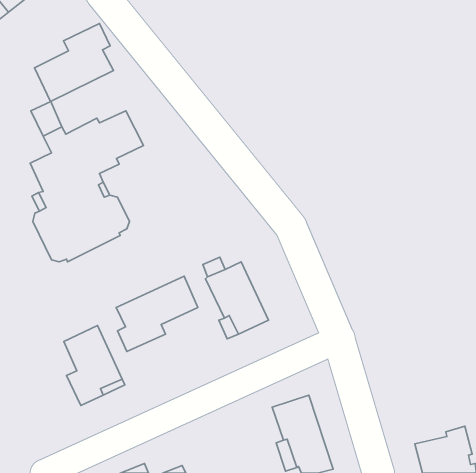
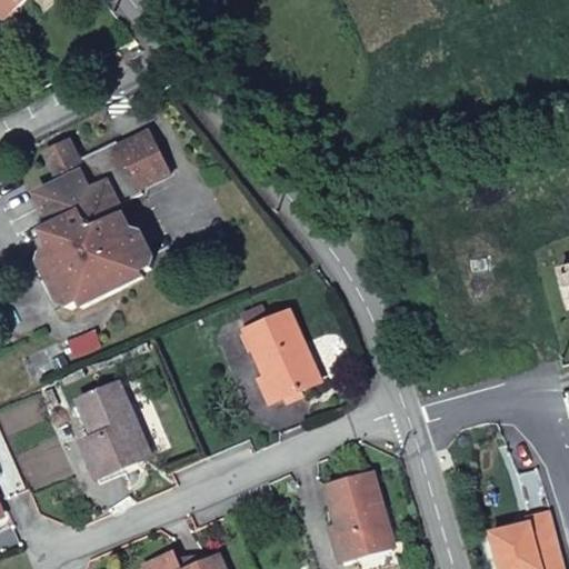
building: [34,24,113,102] -> none
building: [116,276,198,351] -> none

